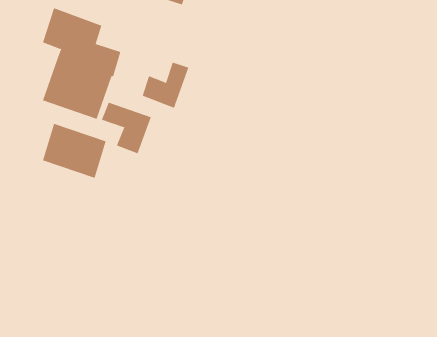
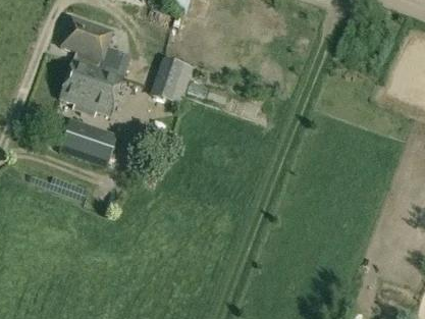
building: [101,102,151,154] -> none

